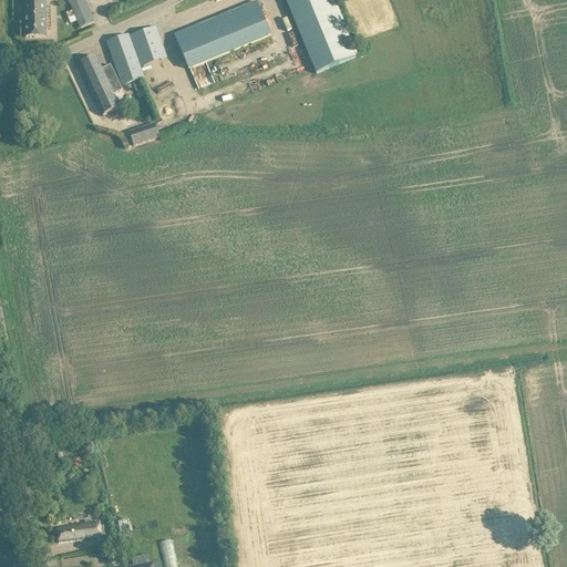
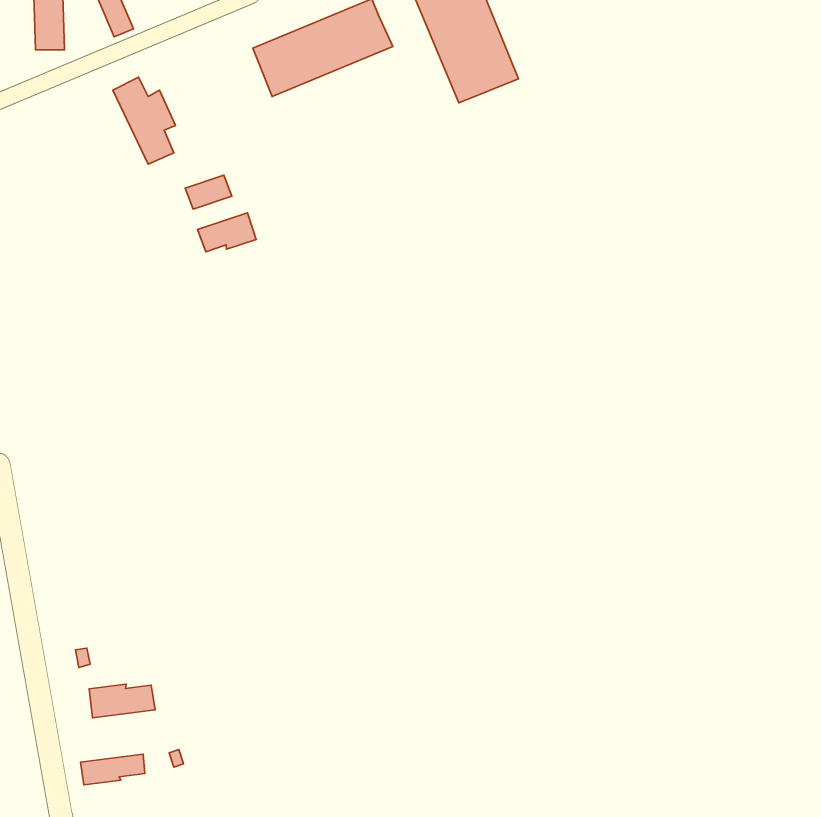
building: [110,24,165,81] -> none
building: none -> [197,213,256,252]
building: none -> [89,684,155,718]

